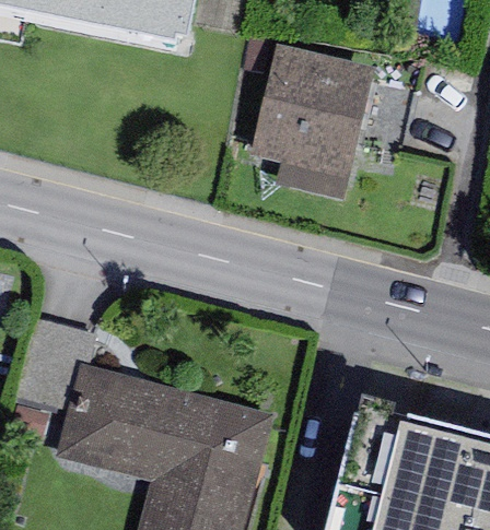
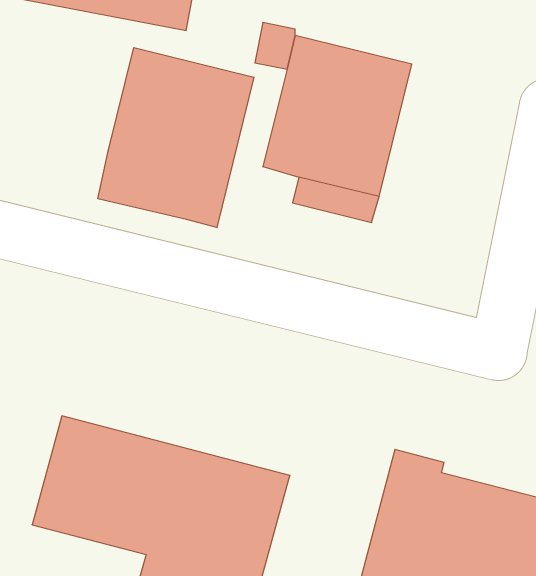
building: none -> [98,48,254,228]

